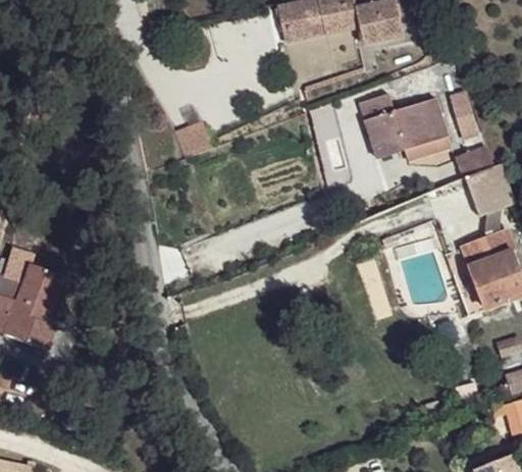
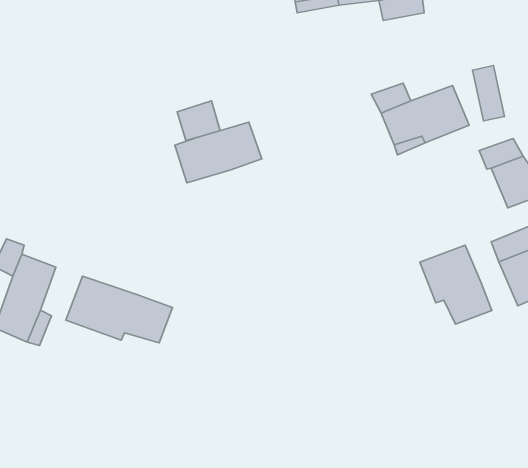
building: none -> [175,122,262,183]
building: none -> [420,245,492,324]
building: none -> [66,276,172,343]

